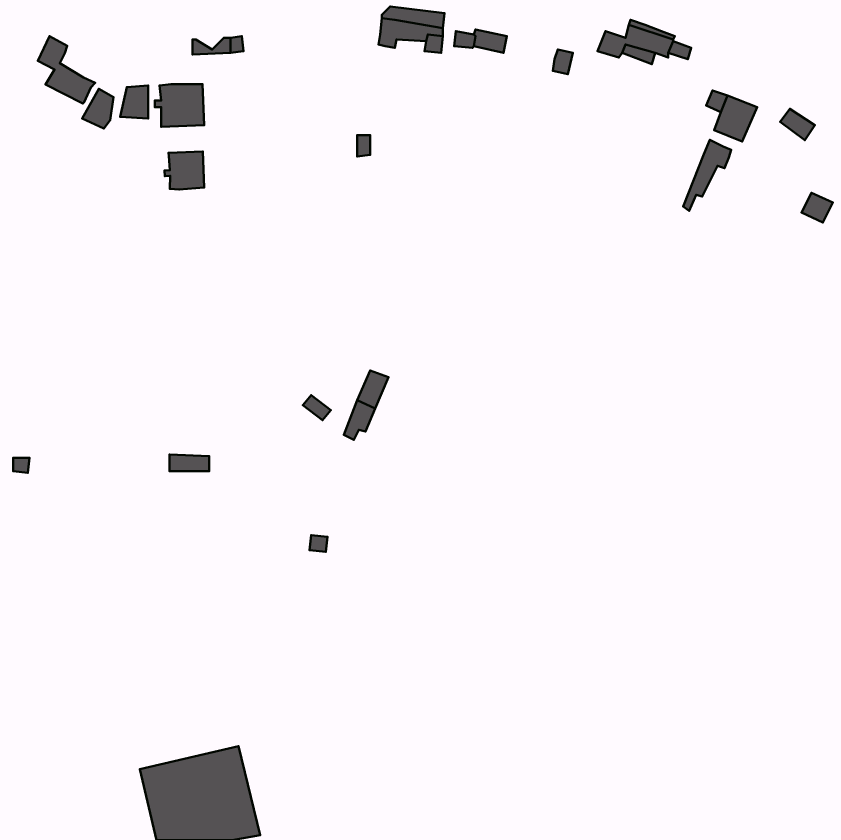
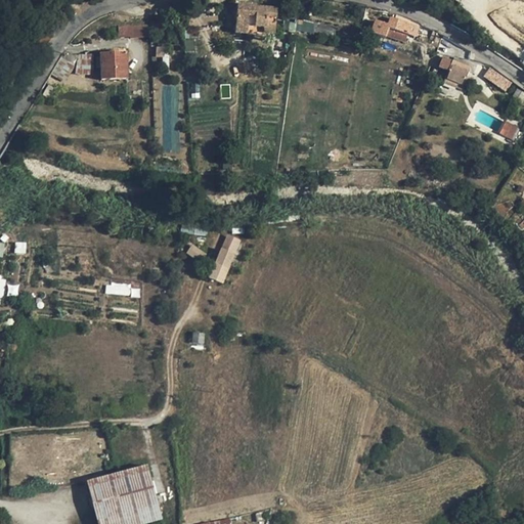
building: [38,36,95,104] -> none
building: [683,140,731,211] -> none
building: [165,152,204,189] -> none

